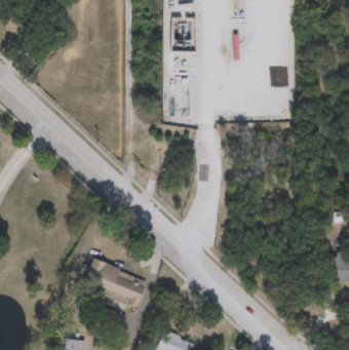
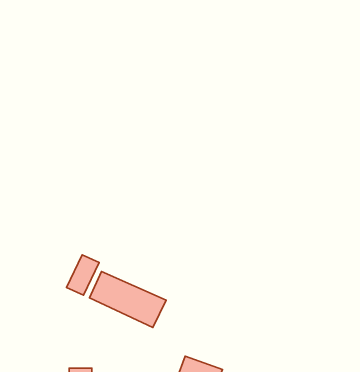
building: none -> [67,255,99,295]

